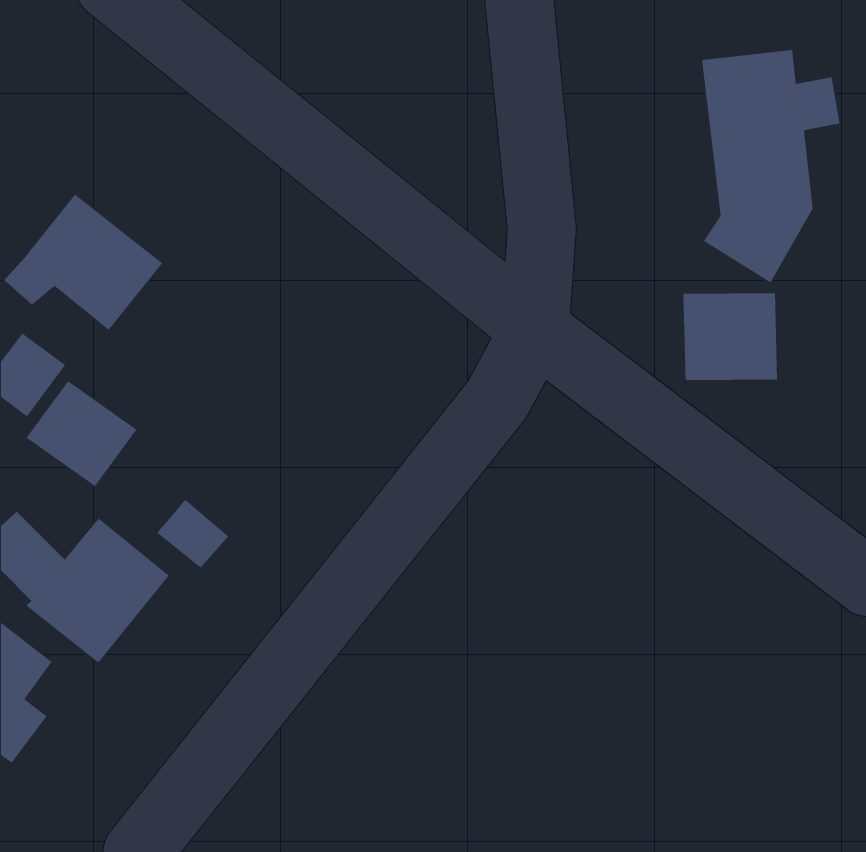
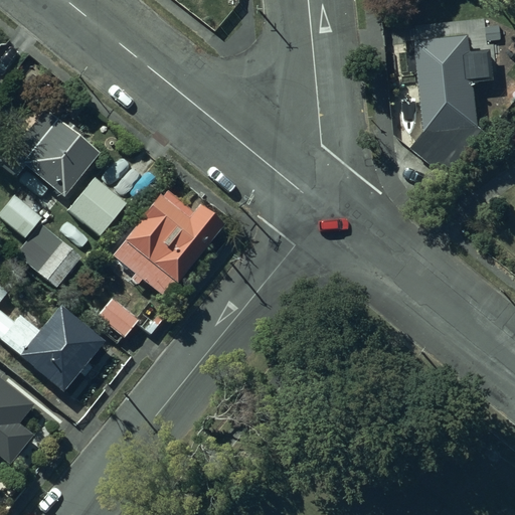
building: [683,292,778,381] -> none
building: none -> [66,178,124,235]
building: none -> [112,189,221,298]

